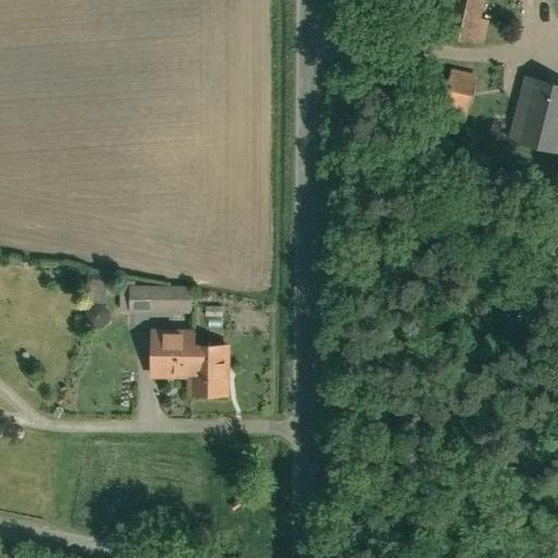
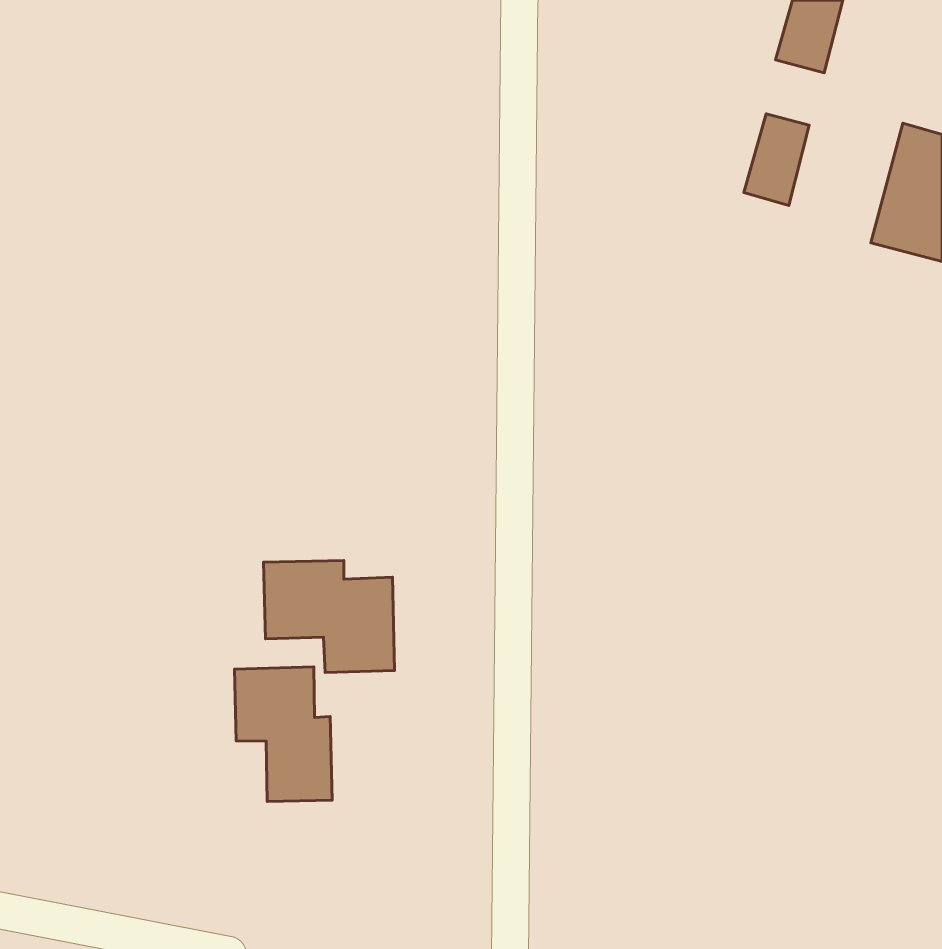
building: [131,284,191,313] -> none
building: none -> [235,667,332,802]

